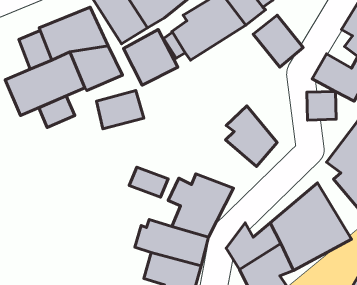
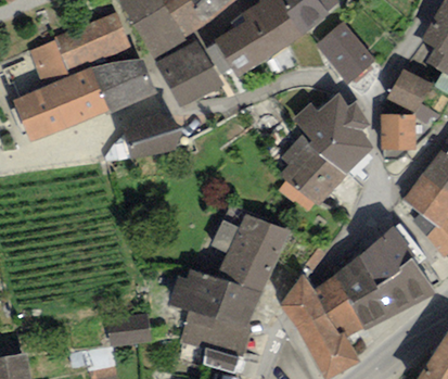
building: none -> [294,92,375,176]
building: [39,96,75,127] -> none
building: [129,167,168,197] -> none
building: none -> [107,312,151,342]

